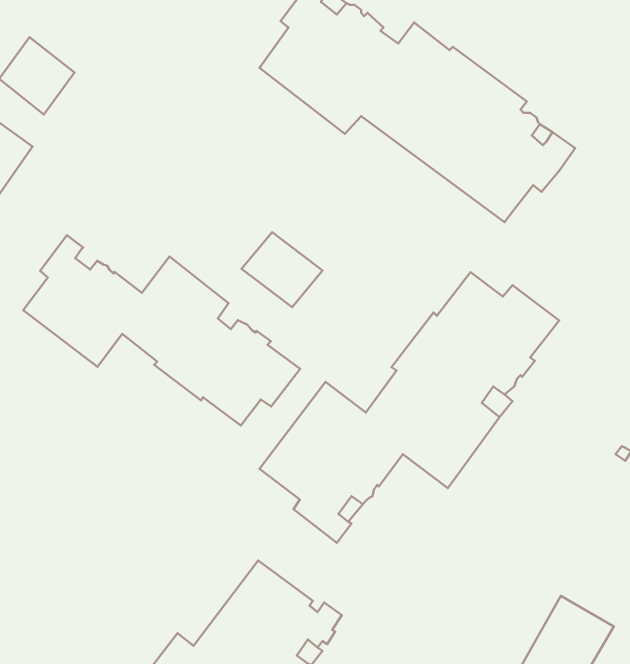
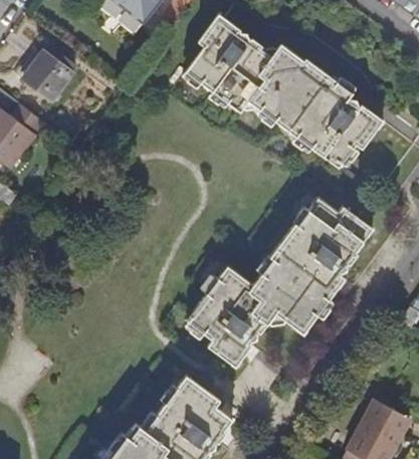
building: [242,232,323,307] -> none
building: [23,235,300,425] -> none

